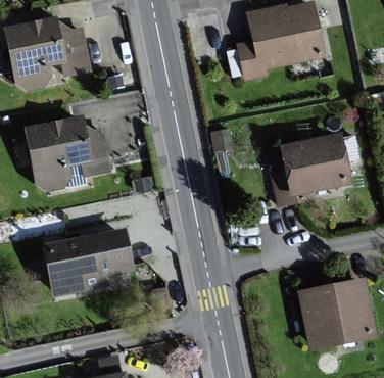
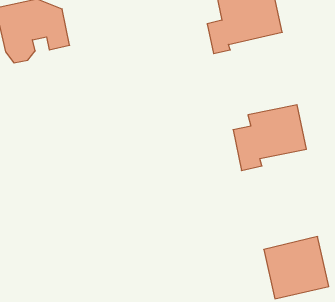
building: [19,114,105,193] -> none
building: [44,228,133,294] -> none

